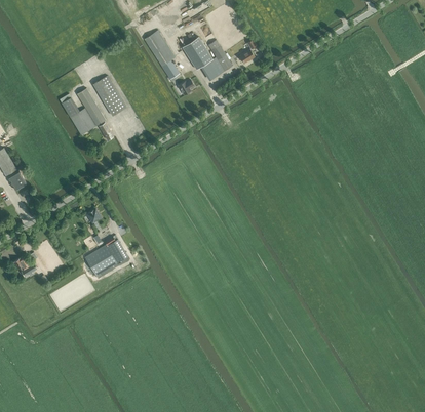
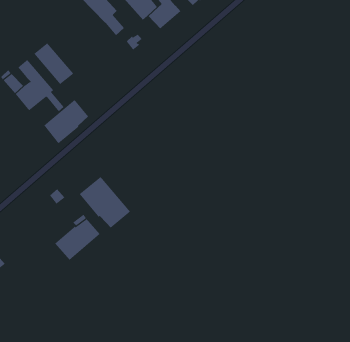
building: none -> [43,99,89,144]
building: none -> [79,176,131,228]

